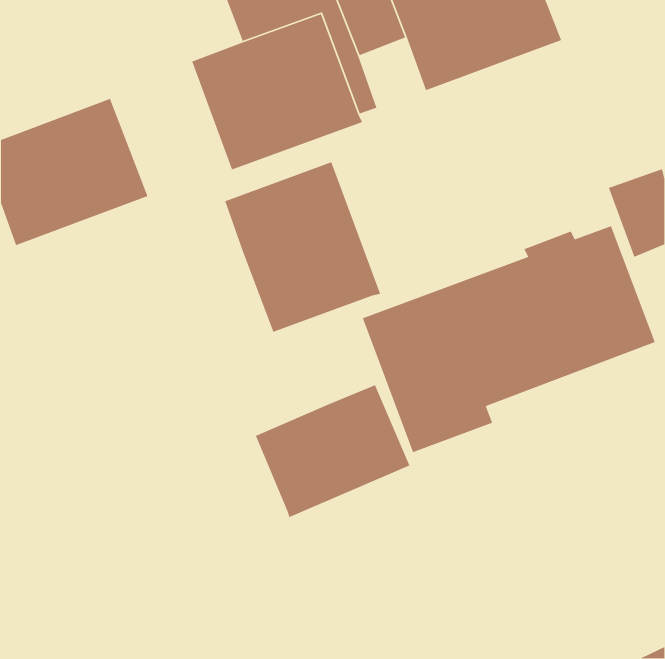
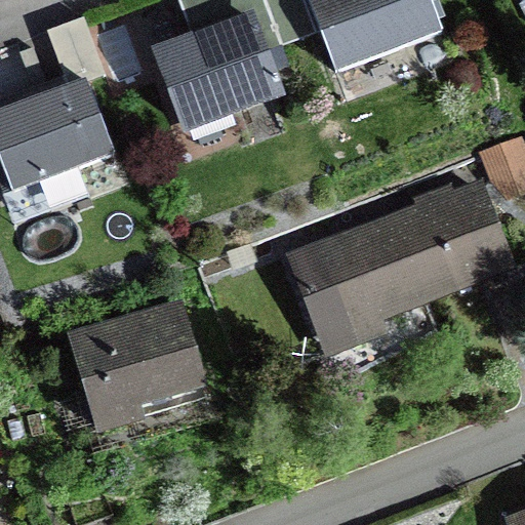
building: [224,161,381,333] -> none
building: none -> [67,298,207,436]
building: [255,384,410,518] -> none

